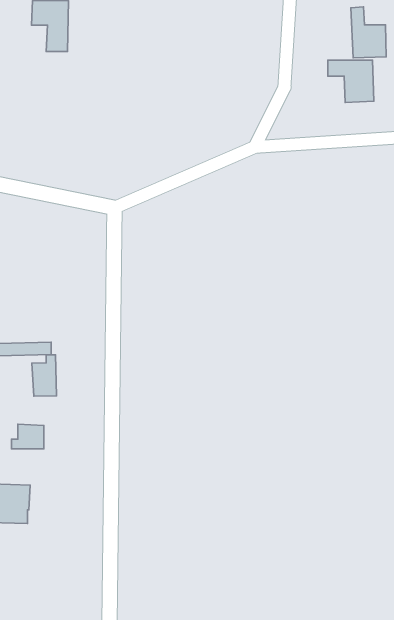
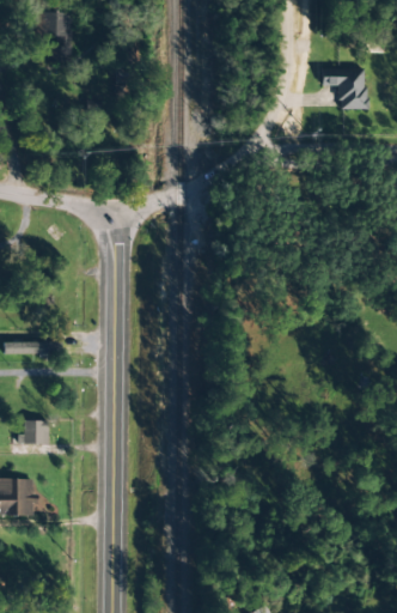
building: [351,7,386,58] -> none
building: [32,355,56,396] -> none

